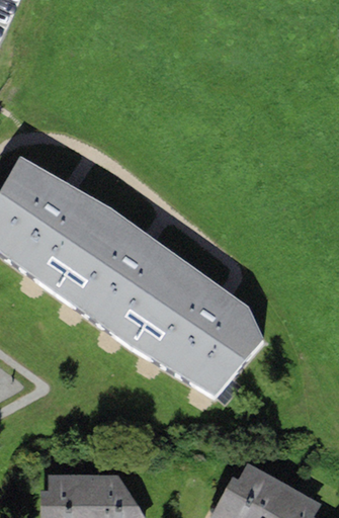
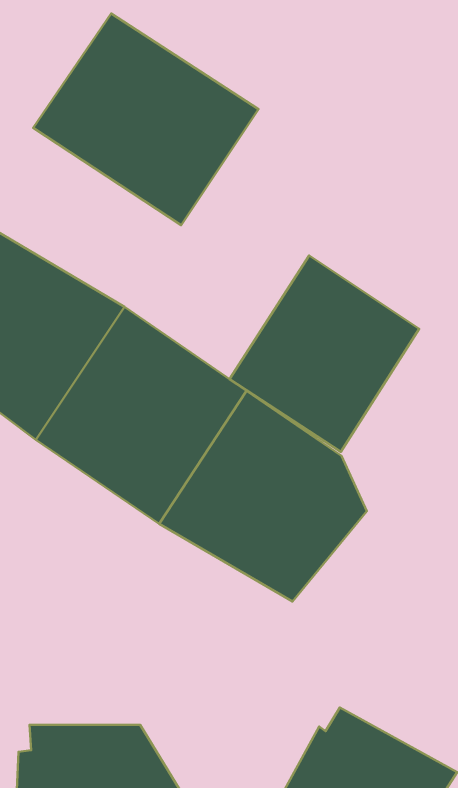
building: none -> [33,14,259,225]
building: none -> [229,255,419,452]

